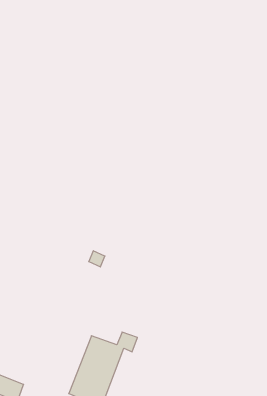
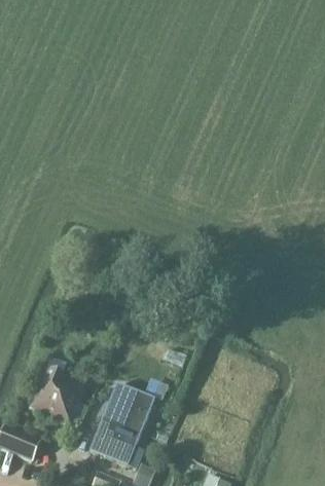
building: none -> [31,369,82,424]

